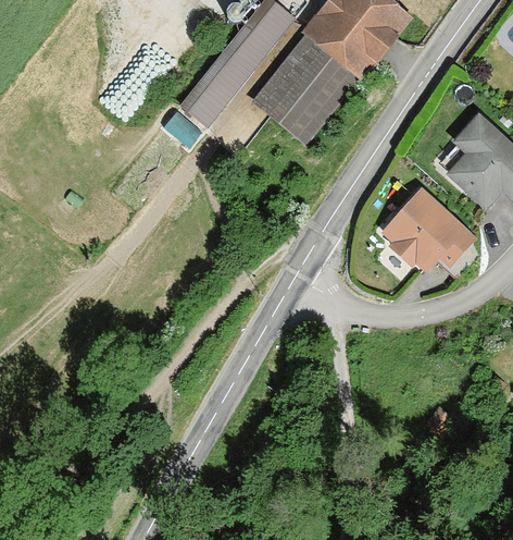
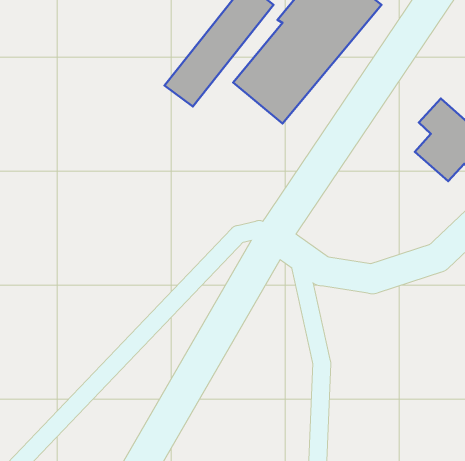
building: [383,189,474,272] -> none

